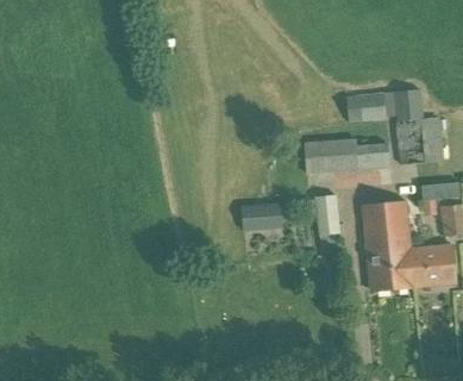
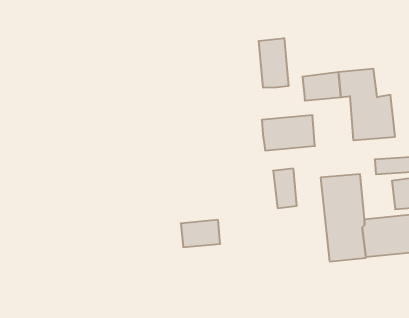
building: none -> [259,38,289,88]
building: [358,144,389,171] -> none
building: [239,202,281,231] -> [181,220,220,247]

